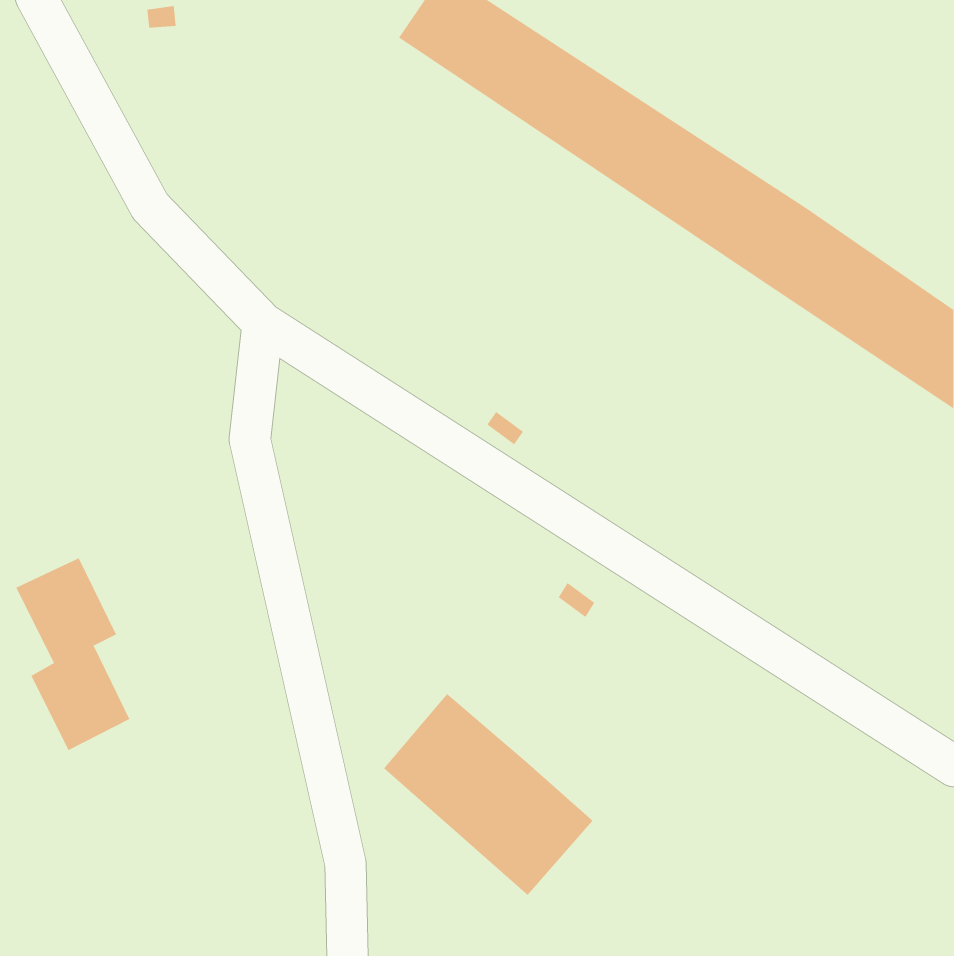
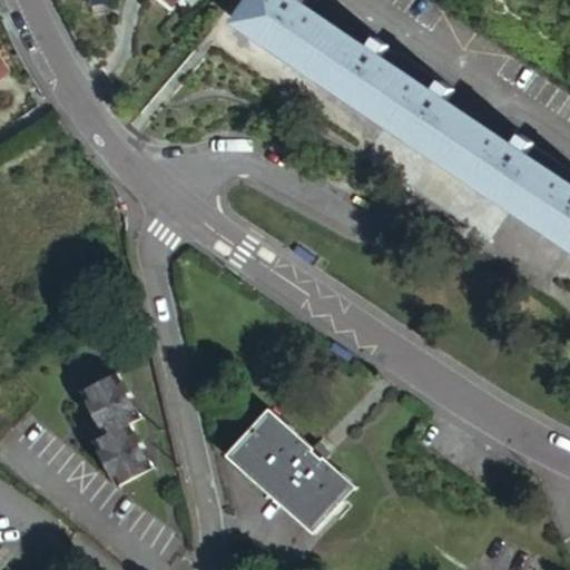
building: [15,558,130,751] -> [79,379,147,493]

